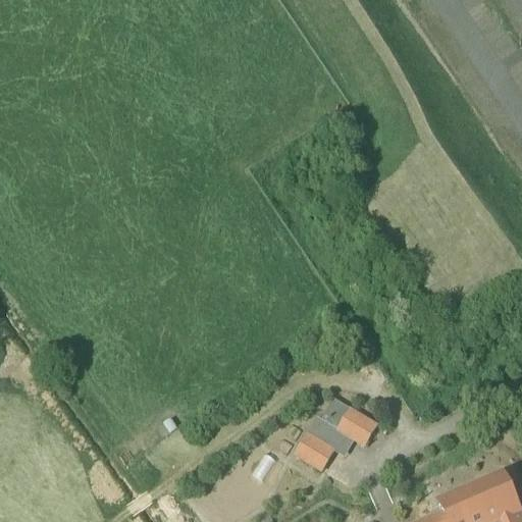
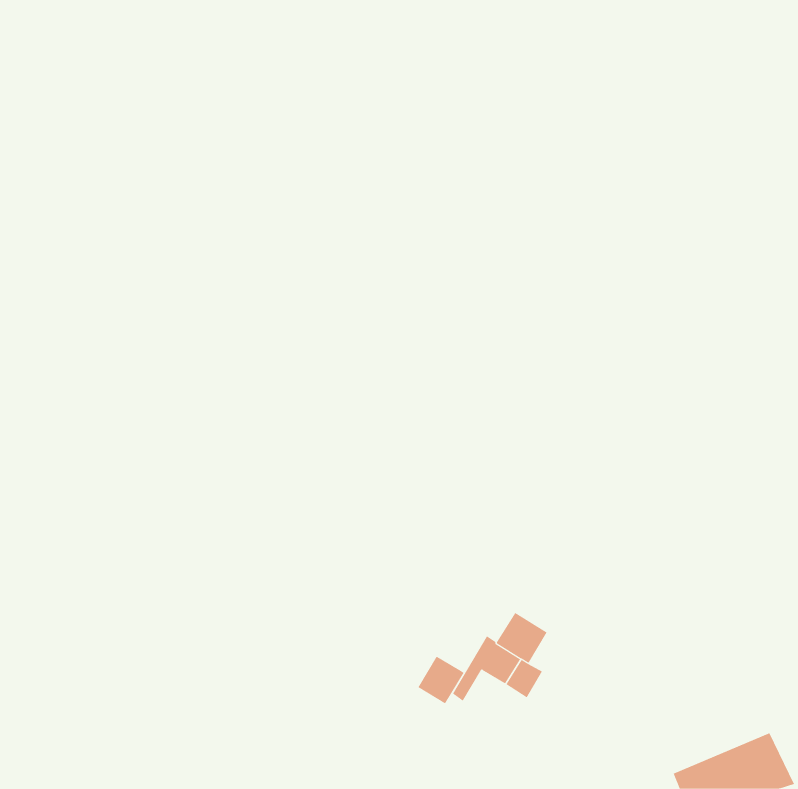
building: [345,412,375,443] -> none
building: [302,436,332,468] -> [417,656,464,704]

